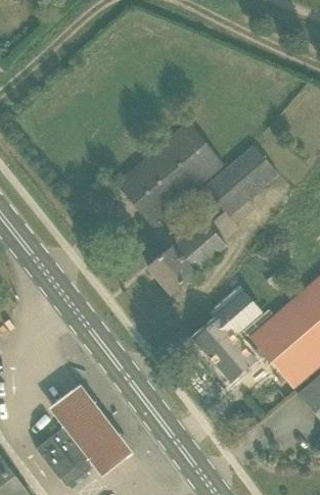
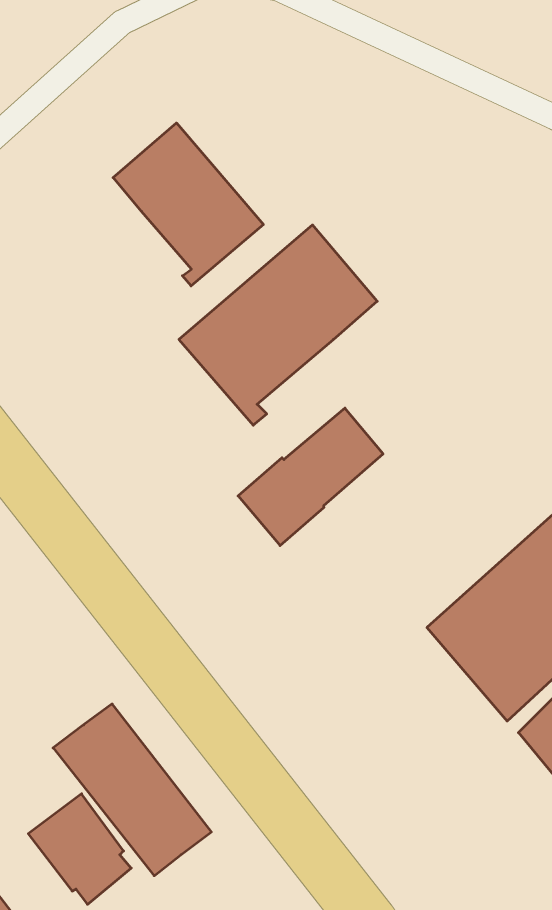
building: none -> [113,123,263,286]
building: [204,146,277,215] -> none
building: [193,298,258,385] -> none

